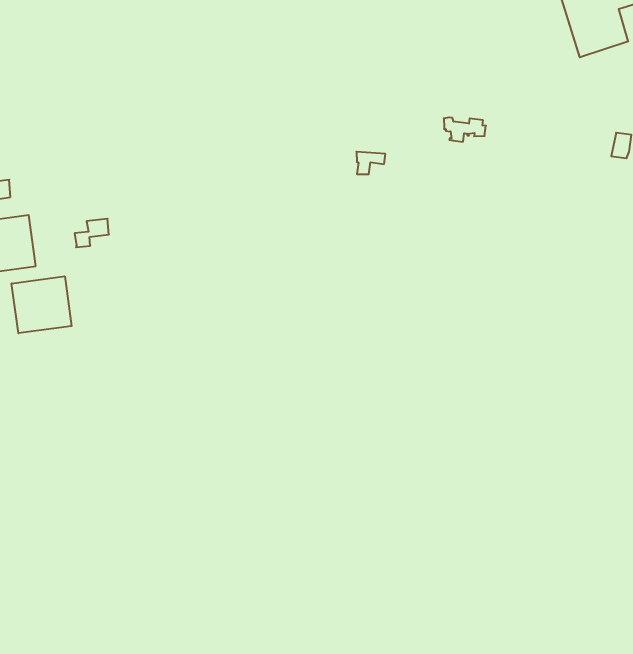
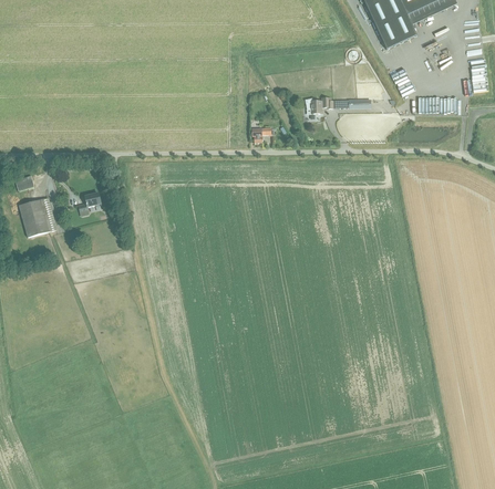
building: [12,276,72,333] -> none

